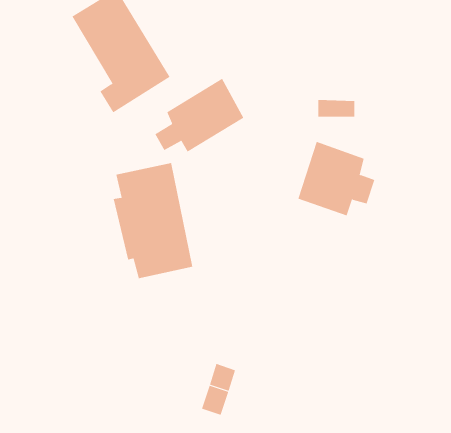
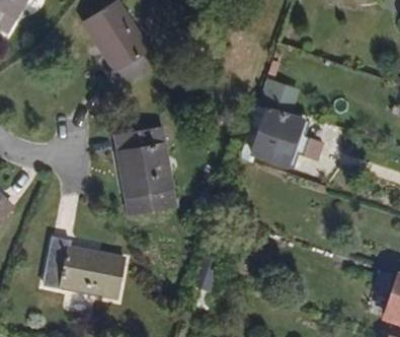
building: [155,78,244,153] -> none
building: none -> [49,231,135,300]

